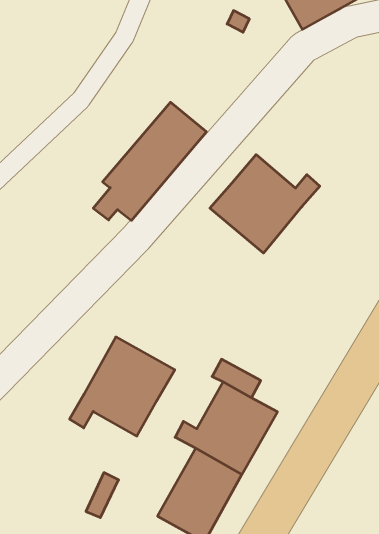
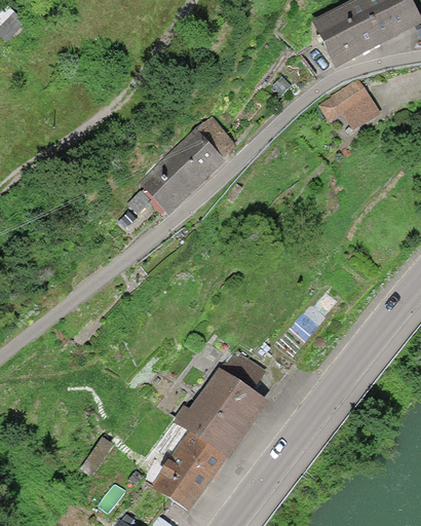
building: none -> [320,79,387,132]
building: [210,155,320,253] -> none
building: [70,337,175,436] -> none

